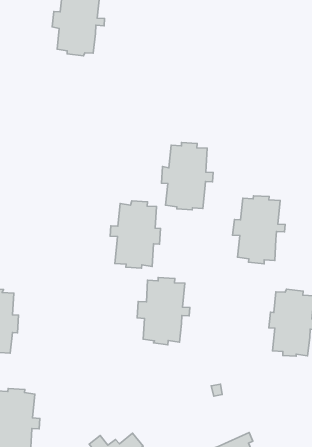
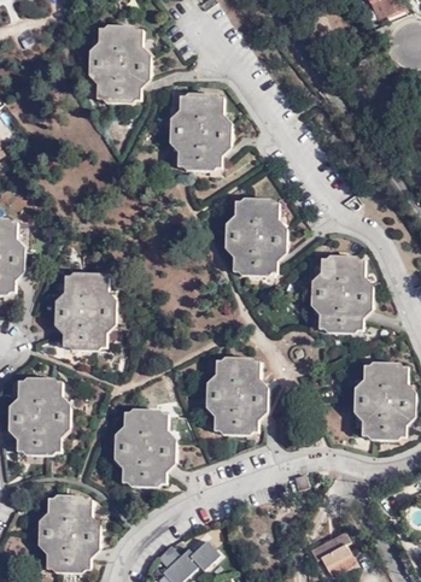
building: none -> [170,94,229,174]
building: [110,201,160,268] -> [55,275,113,352]
building: none -> [115,410,174,487]

